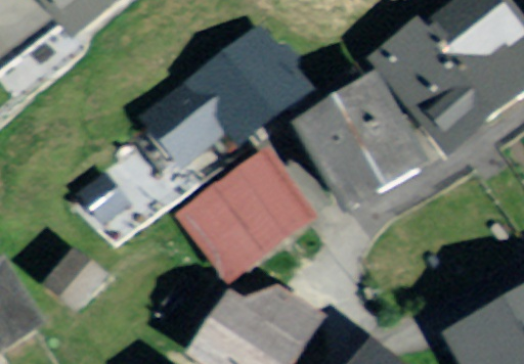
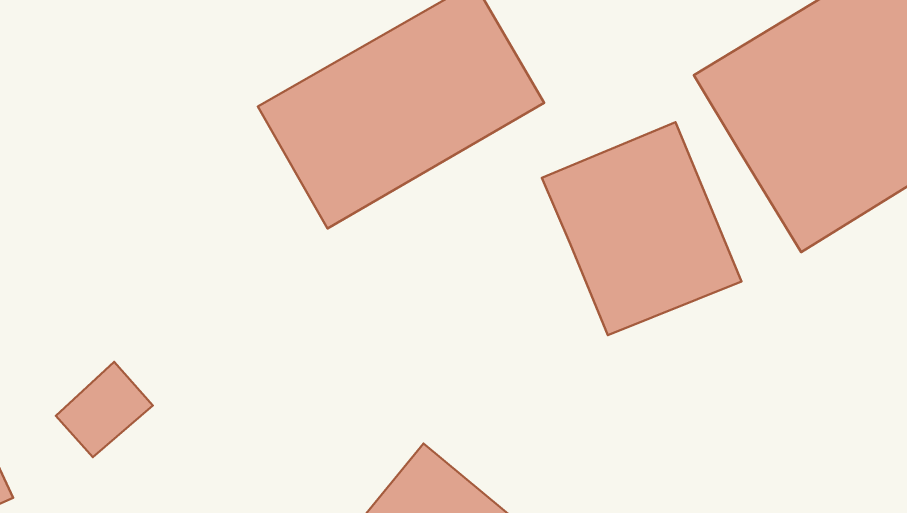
building: [190,150,310,267] -> none

